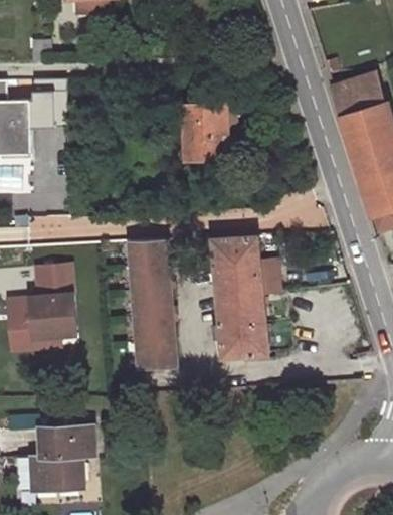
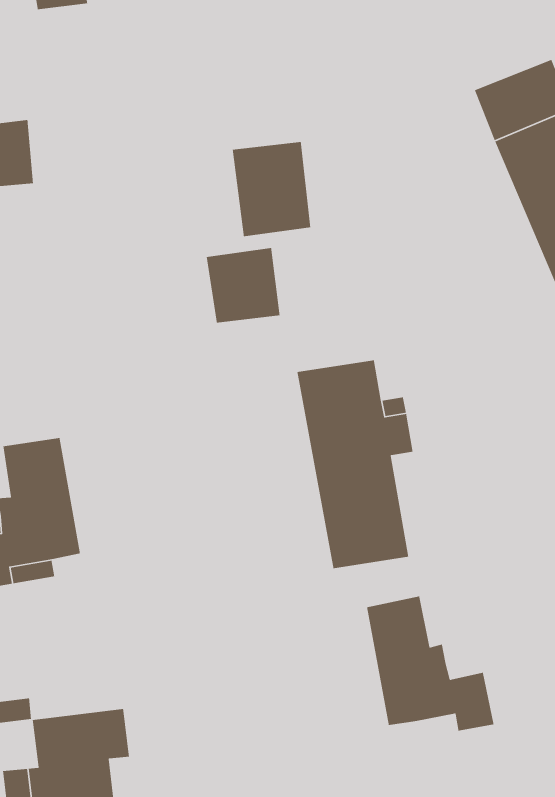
building: none -> [206,247,281,324]
building: [128,240,175,369] -> none
building: none -> [366,595,494,732]

